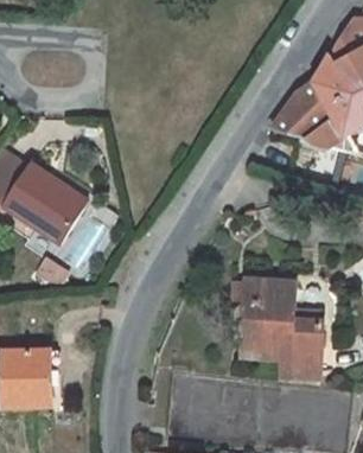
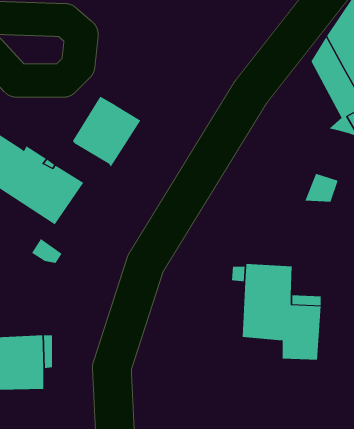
building: [269,82,342,148] -> none
building: none -> [72,96,141,167]

